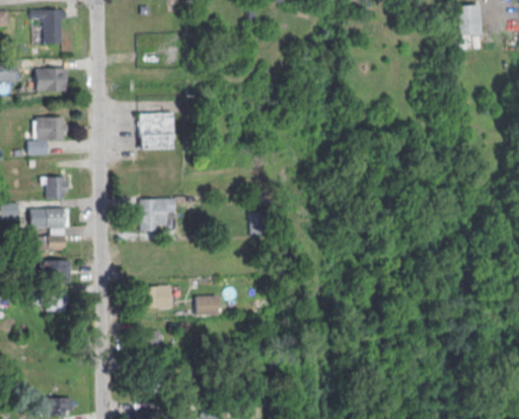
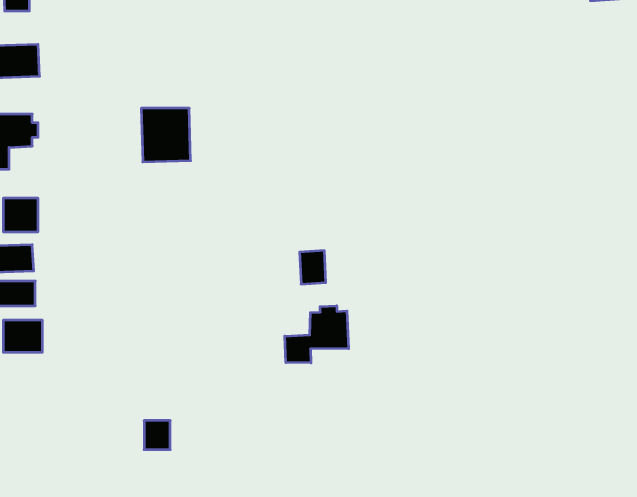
building: [140,198,175,231] -> none
building: none -> [285,306,349,363]
building: [141,286,172,309] -> none
building: [47,293,71,311] -> none
building: [196,296,219,315] -> none

